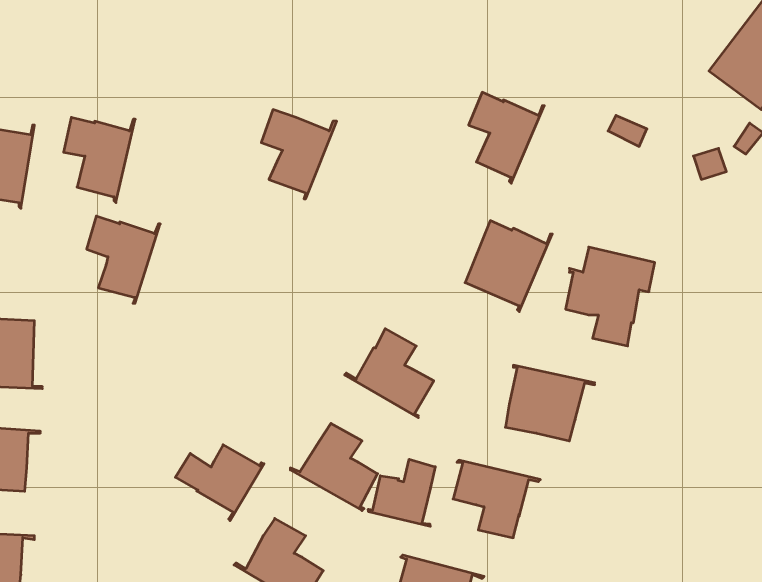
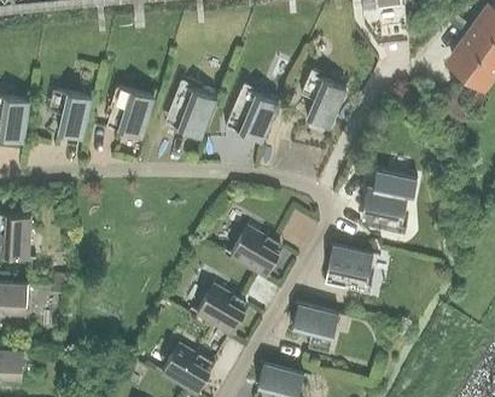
building: [87,216,160,303] -> [111,86,157,140]
building: [465,221,552,312] -> [227,88,281,145]
building: [175,445,264,521] -> none
building: [368,459,435,526] -> none

